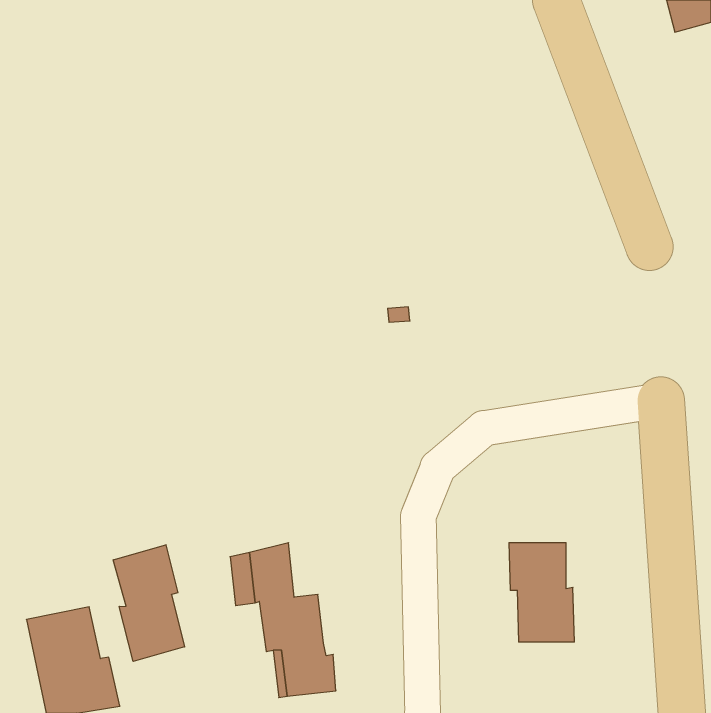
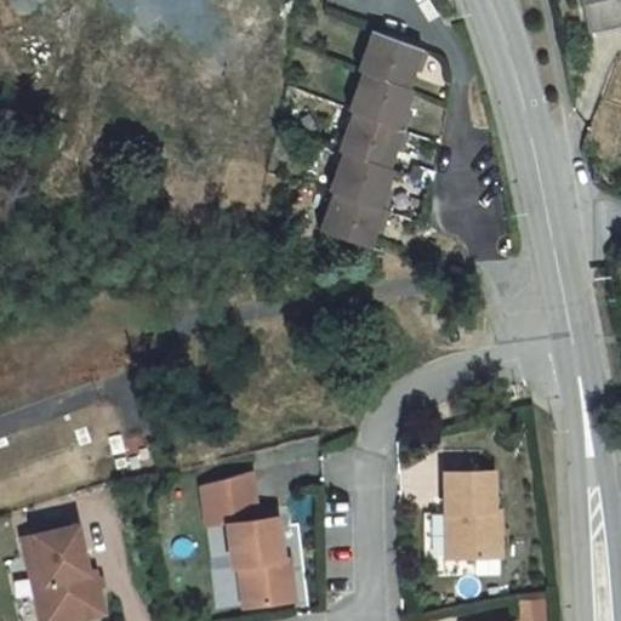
building: none -> [324,32,427,247]
building: [113,545,185,661] -> none

